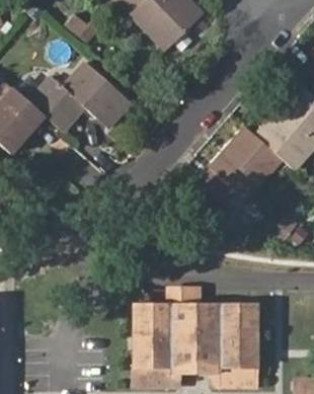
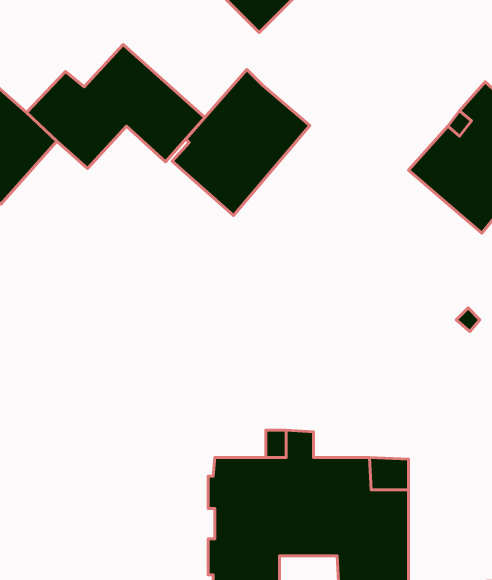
building: [201,126,283,213] -> [172,69,310,216]

